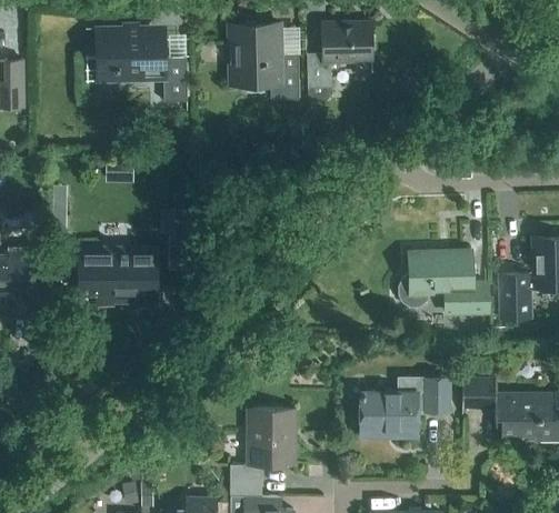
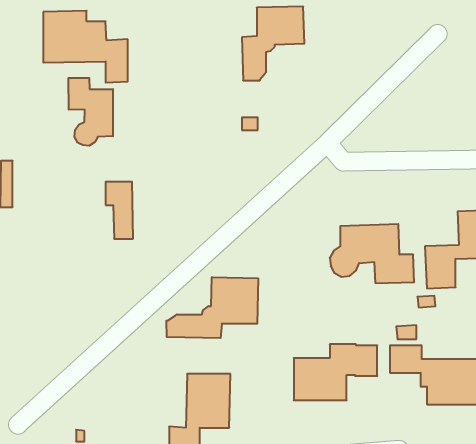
building: [229,24,299,100] -> none
building: none -> [68,78,113,146]
building: [79,248,157,301] -> none
building: none -> [166,277,258,338]

